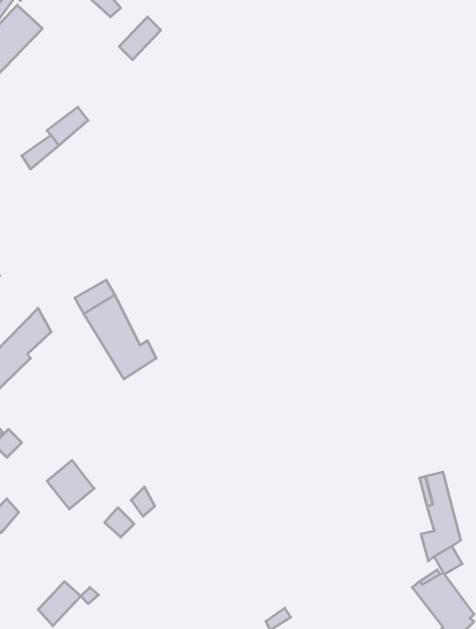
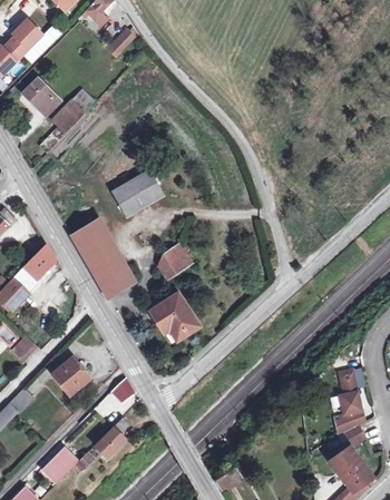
building: none -> [22,73,57,107]
building: none -> [110,170,162,218]
building: none -> [160,242,193,280]
building: none -> [154,292,202,341]
building: none -> [94,415,129,458]

